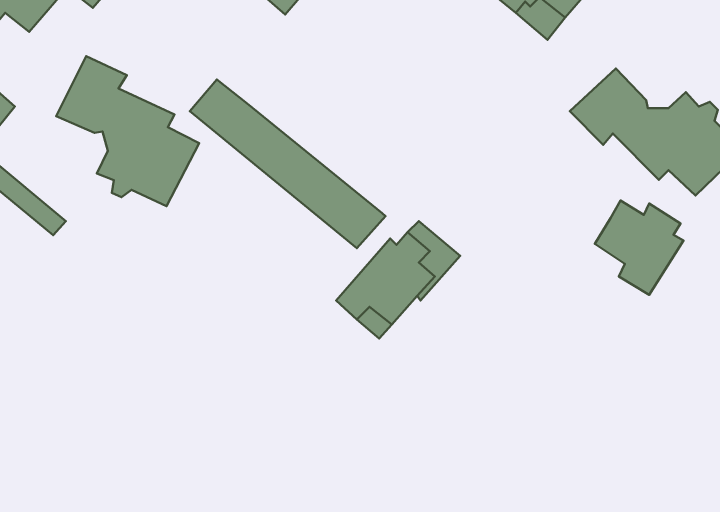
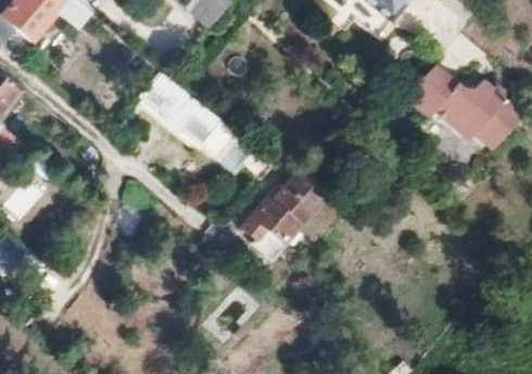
building: [56,56,199,206] -> none
building: [595,200,684,295] -> none

